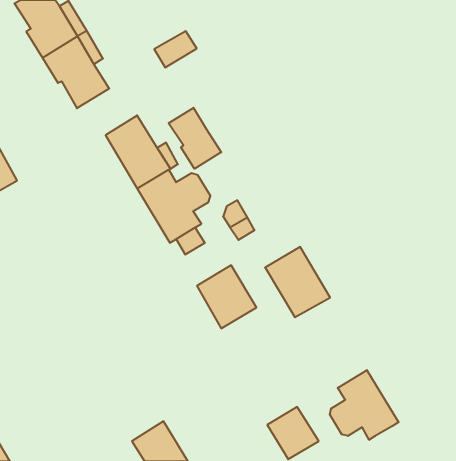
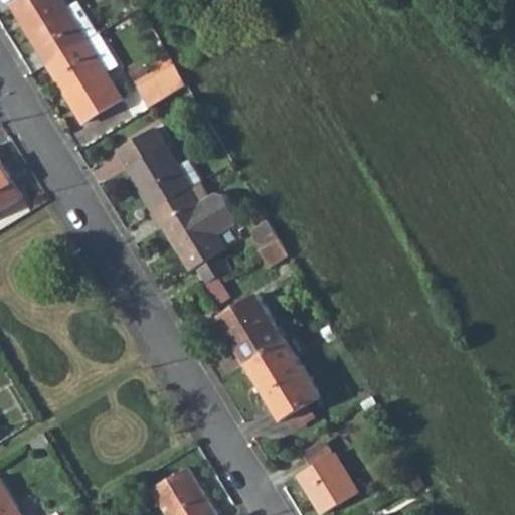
building: [154,31,197,67] -> [137,68,184,109]
building: [169,108,221,169] -> none
building: [265,247,330,317] -> [246,343,319,421]
building: [330,370,399,440] -> none

